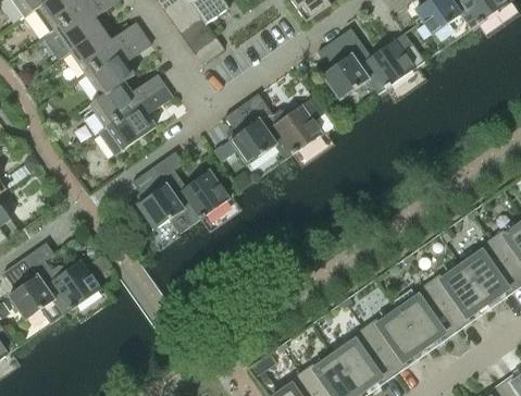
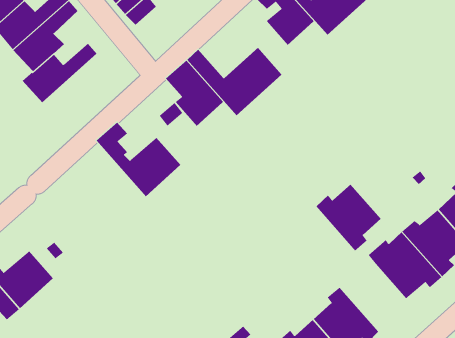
building: [99,85,172,154] -> none
building: [133,165,194,233] -> none
building: [363,309,423,372] -> [315,184,382,251]

